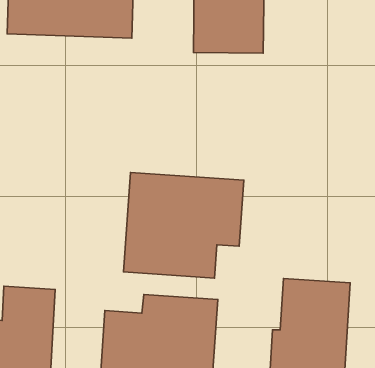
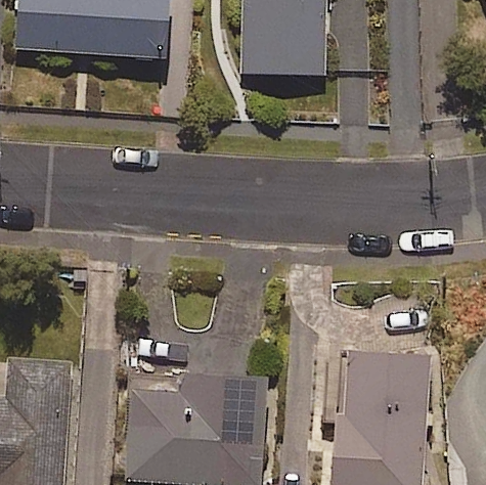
building: [124,173,244,278] -> none

